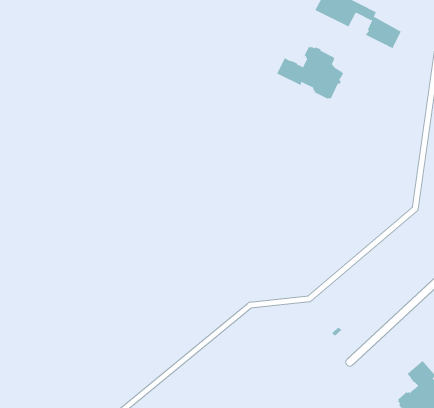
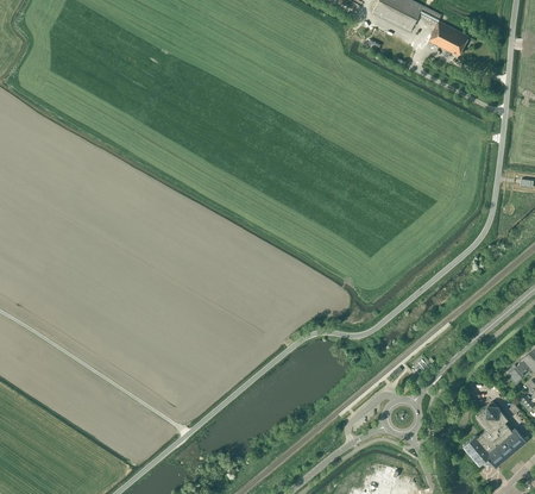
building: [276,46,344,100] -> none

